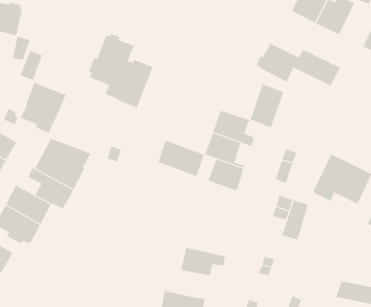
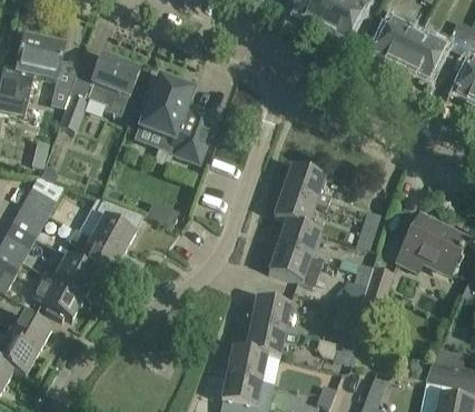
building: [256,43,341,86] -> none
building: [20,82,66,133] -> [87,54,140,113]
building: [250,84,284,128] -> none
building: [157,140,205,177] -> [268,244,323,287]
building: none -> [251,295,291,329]
building: none -> [227,344,280,379]

